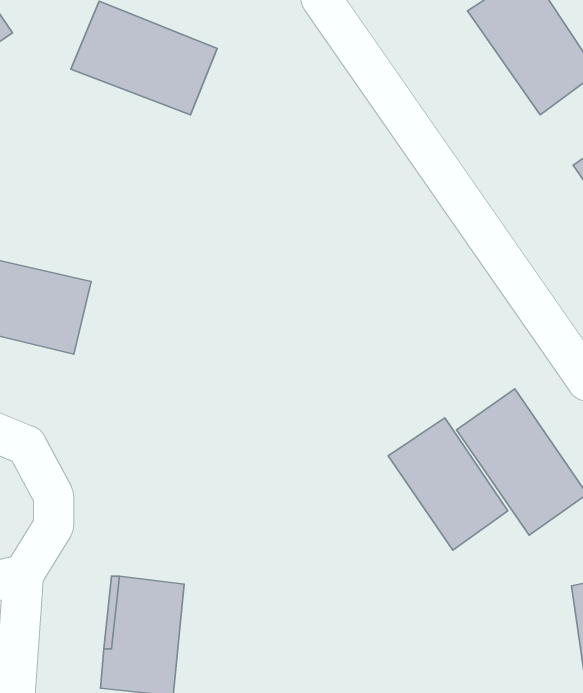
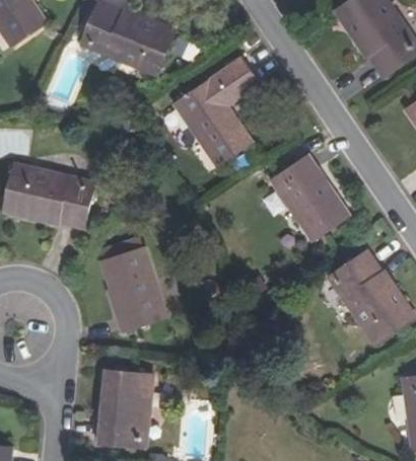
building: none -> [174,58,259,165]
building: none -> [101,250,166,333]
building: [388,418,508,550] -> [271,158,348,243]

